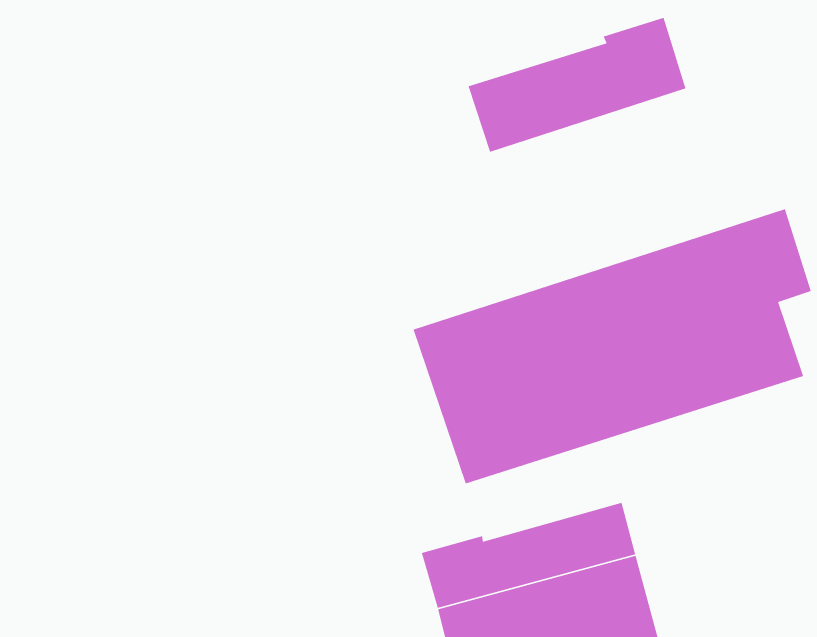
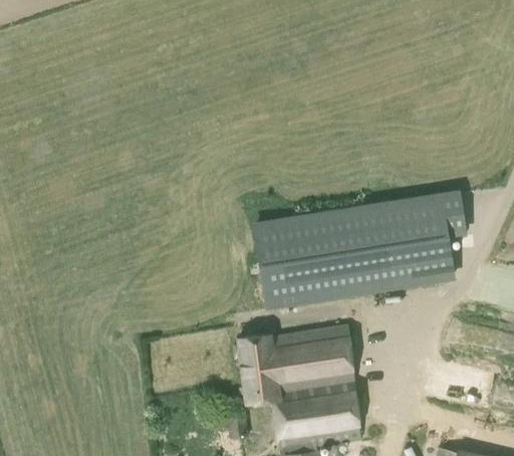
building: [468,17,686,153] -> none

